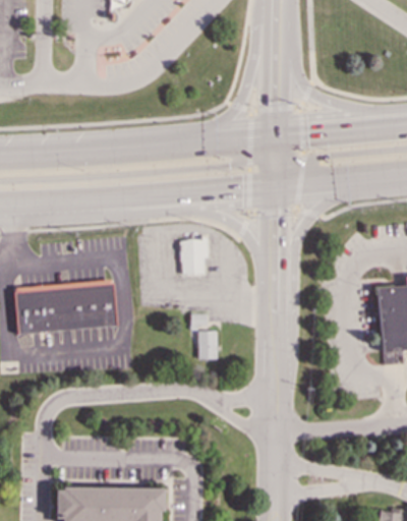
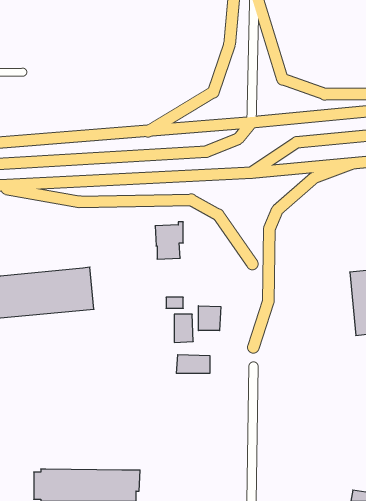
building: none -> [198,306,221,331]
building: none -> [176,355,210,373]

